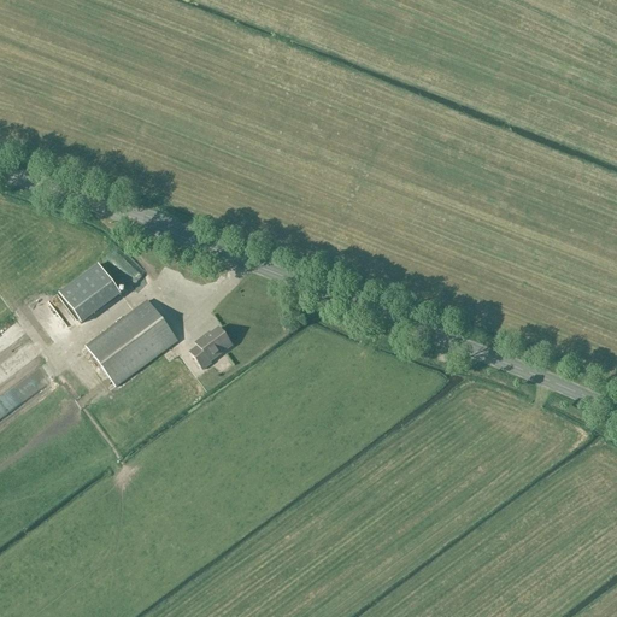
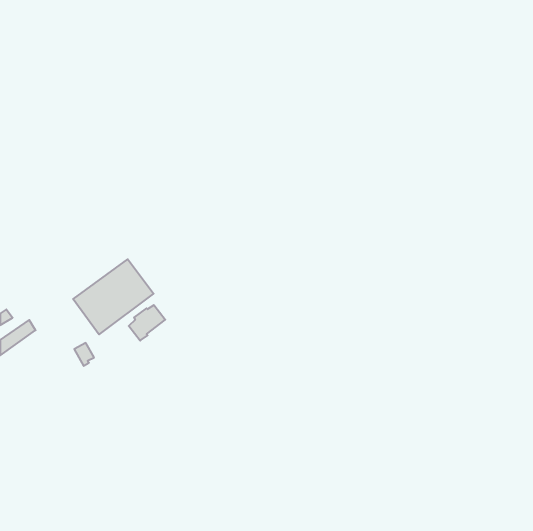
building: [59,263,122,322] -> none
building: [190,327,233,368] -> [129,305,165,341]

